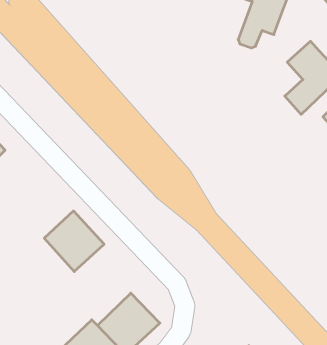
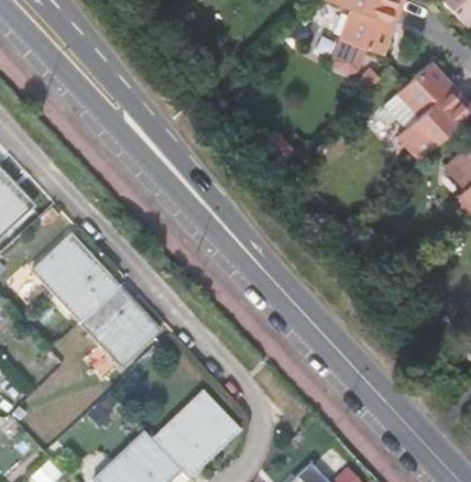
building: none -> [32,234,119,322]

